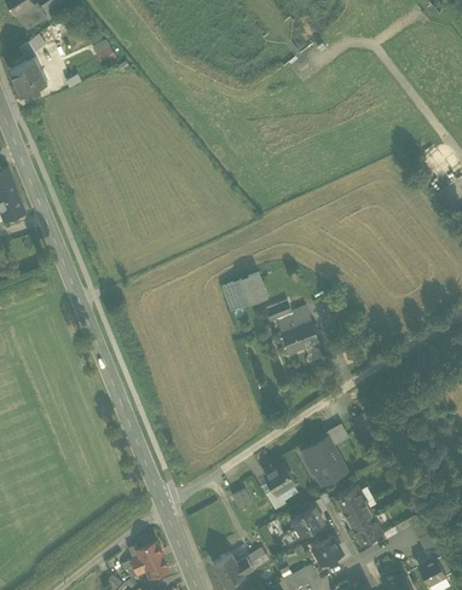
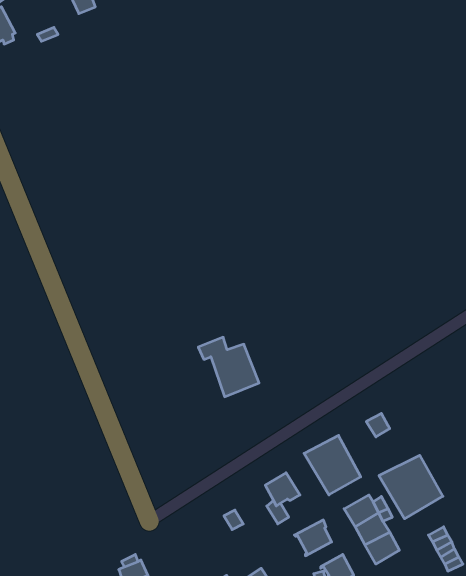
building: [221,273,266,311] -> none
building: [265,302,318,354] -> [198,337,259,397]
building: none -> [379,455,443,519]

